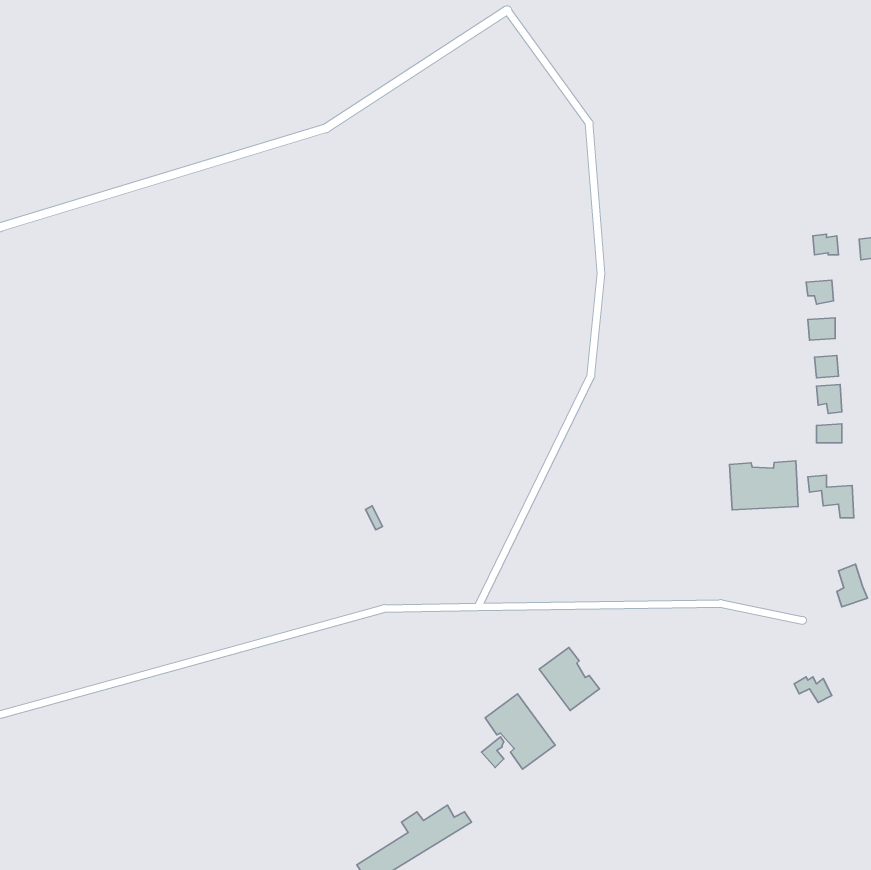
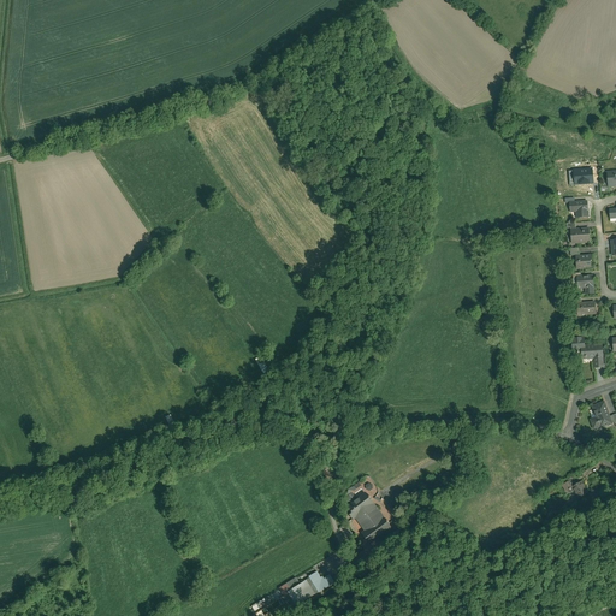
building: [730,461,798,510] -> none
building: [539,647,599,711] -> none

